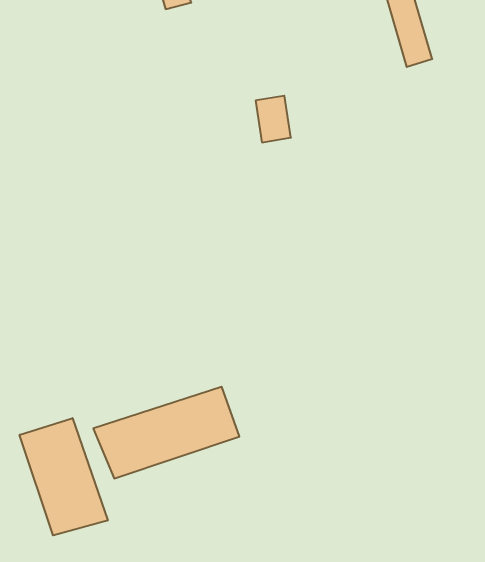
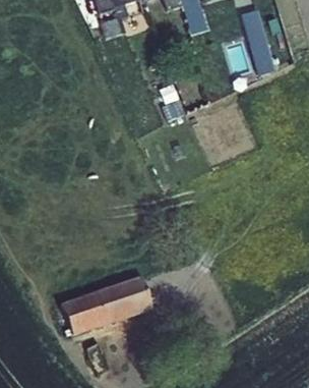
building: [20,418,108,535] -> none

